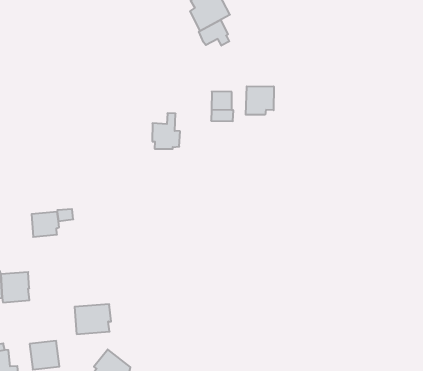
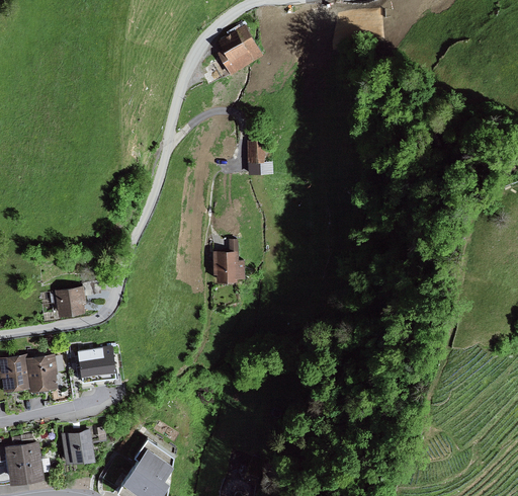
building: [199,20,229,46] -> none
building: [246,86,274,115] -> none
building: [152,113,180,149] -> [212,241,244,281]
building: [75,304,111,334] -> [76,347,117,383]

